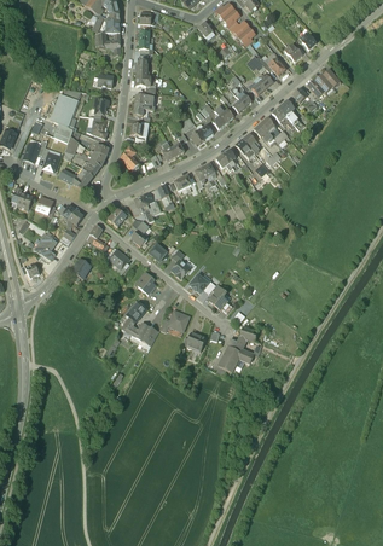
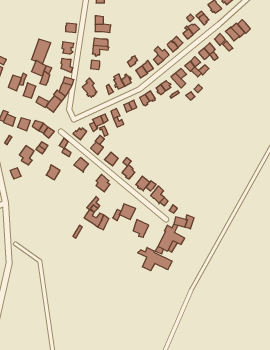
building: none -> [138,247,172,271]

